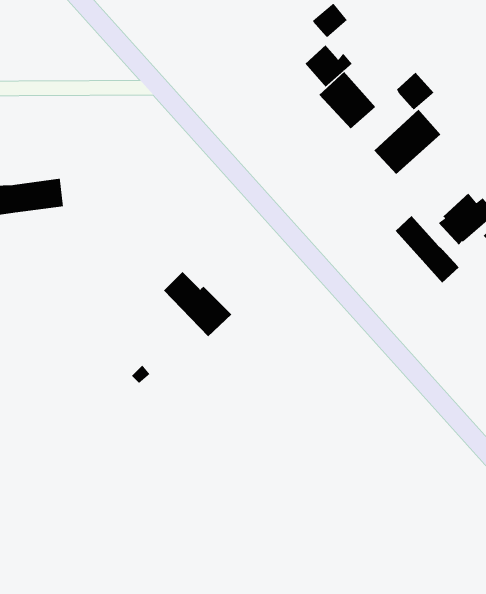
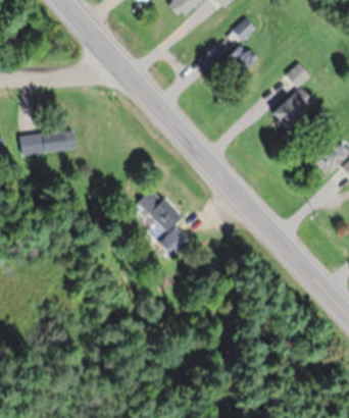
building: [319,71,376,130] -> none
building: [395,215,460,284] -> none
building: none -> [159,226,190,258]

